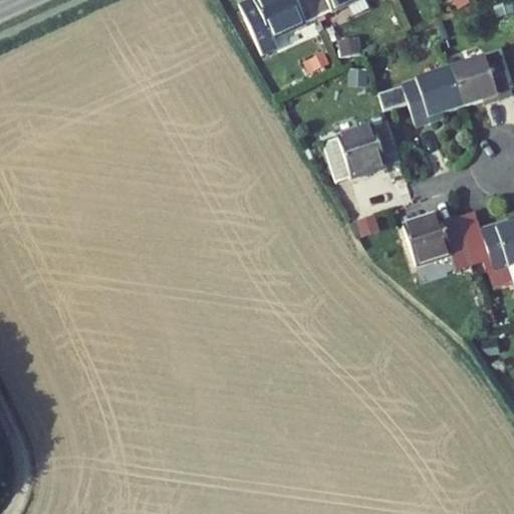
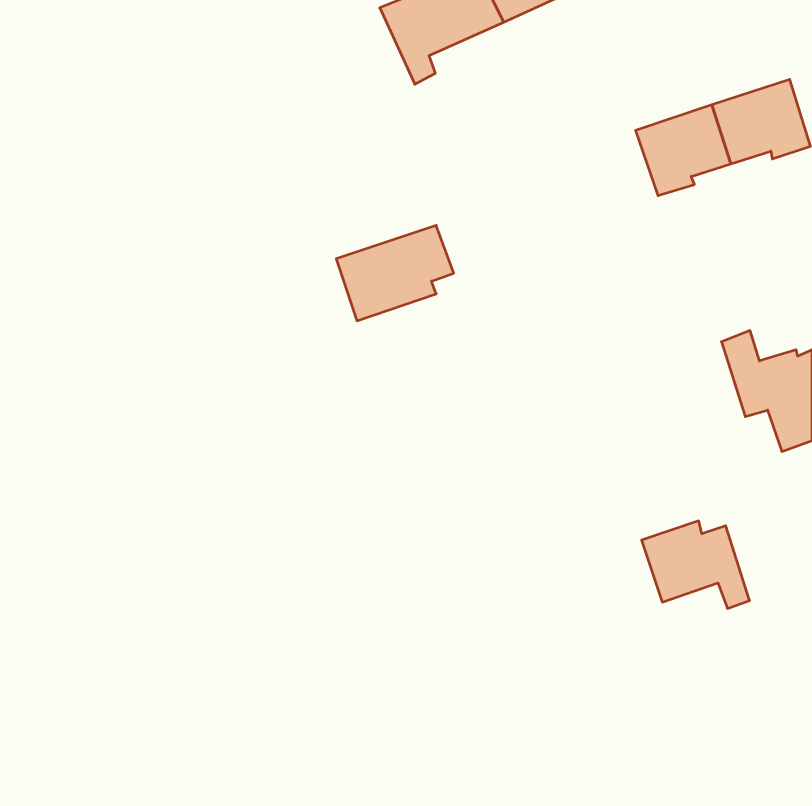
building: [323,119,398,180] -> [336,225,454,321]
building: [403,213,471,268] -> [642,521,750,608]

